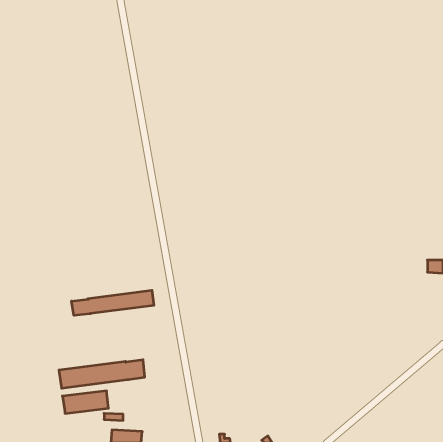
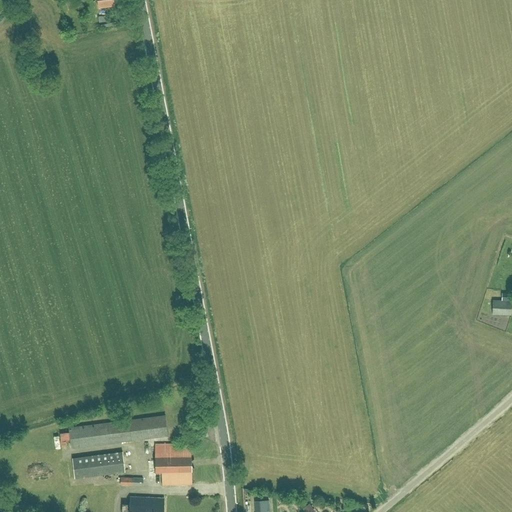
building: [72,290,154,315] -> none
building: none -> [154,444,192,485]

